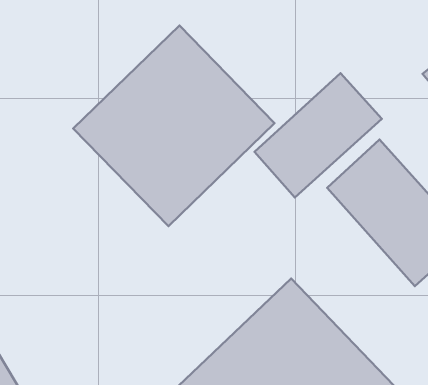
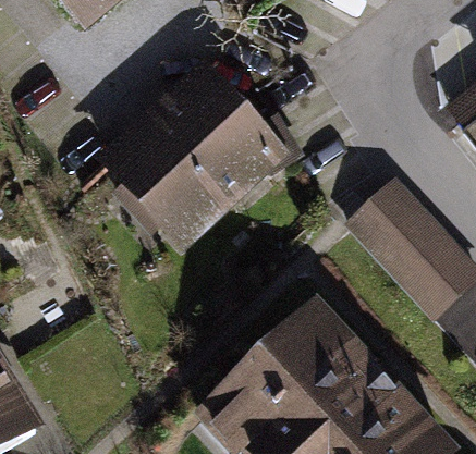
building: [254,73,382,198] -> none

